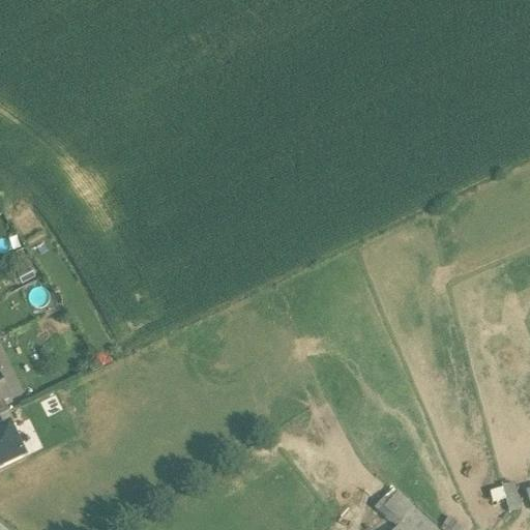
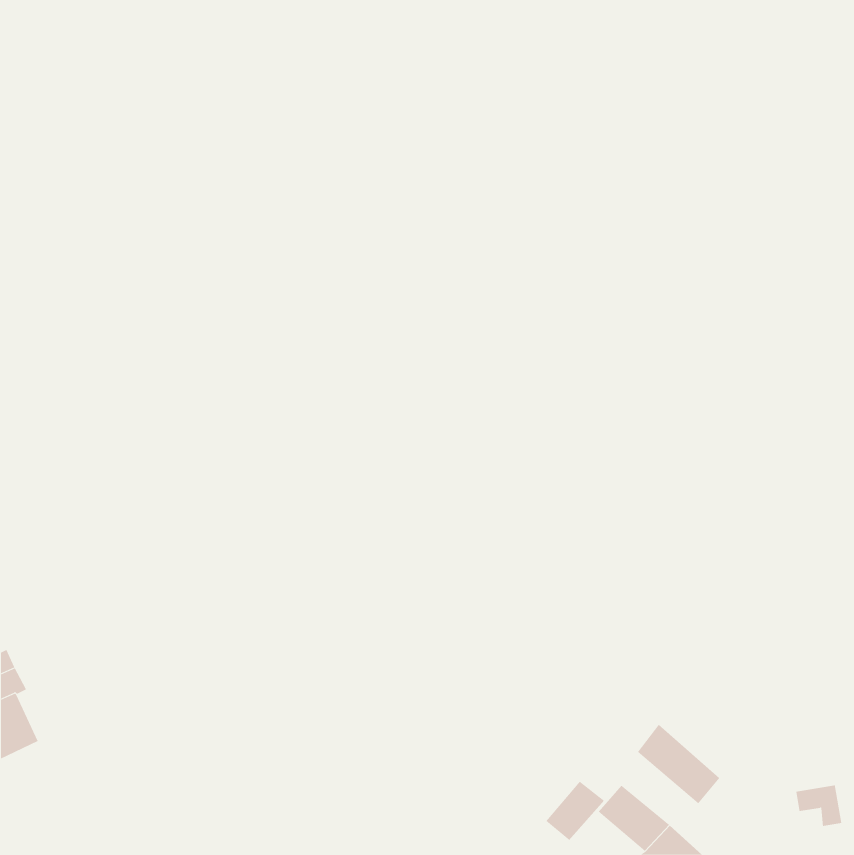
building: none -> [637,724,720,804]
building: none -> [545,781,605,841]

